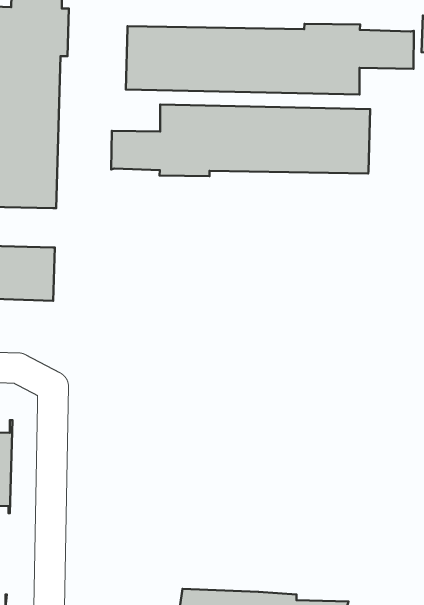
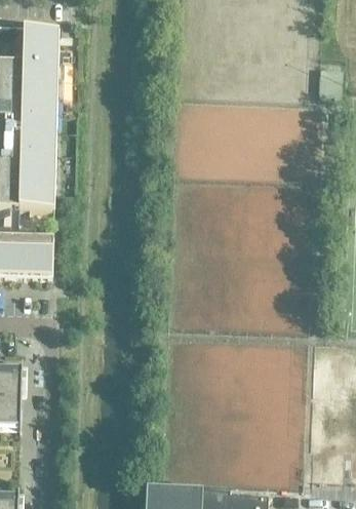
building: [126,24,414,94] -> none
building: [111,105,370,176] -> none

